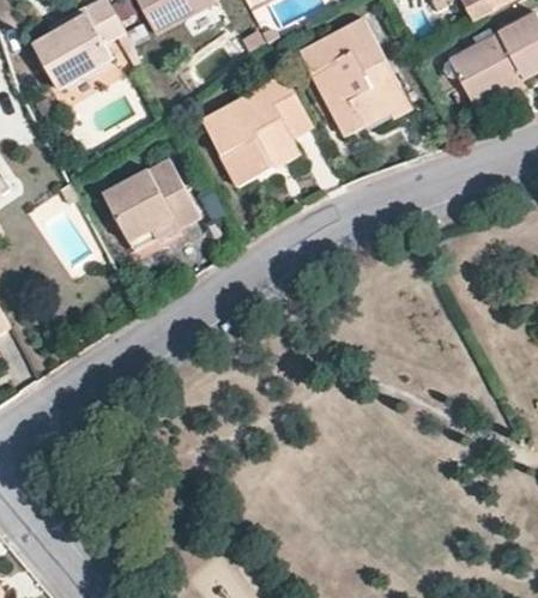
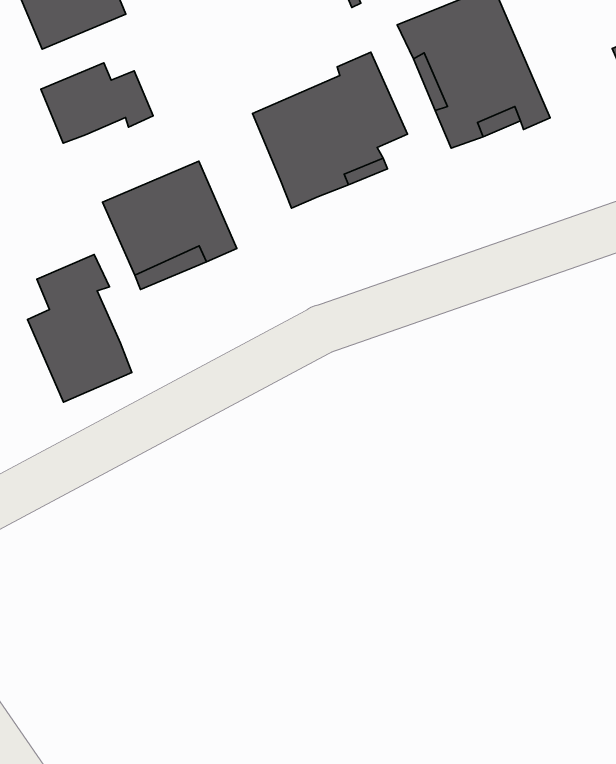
building: none -> [41,63,153,143]
building: none -> [27,254,132,402]

